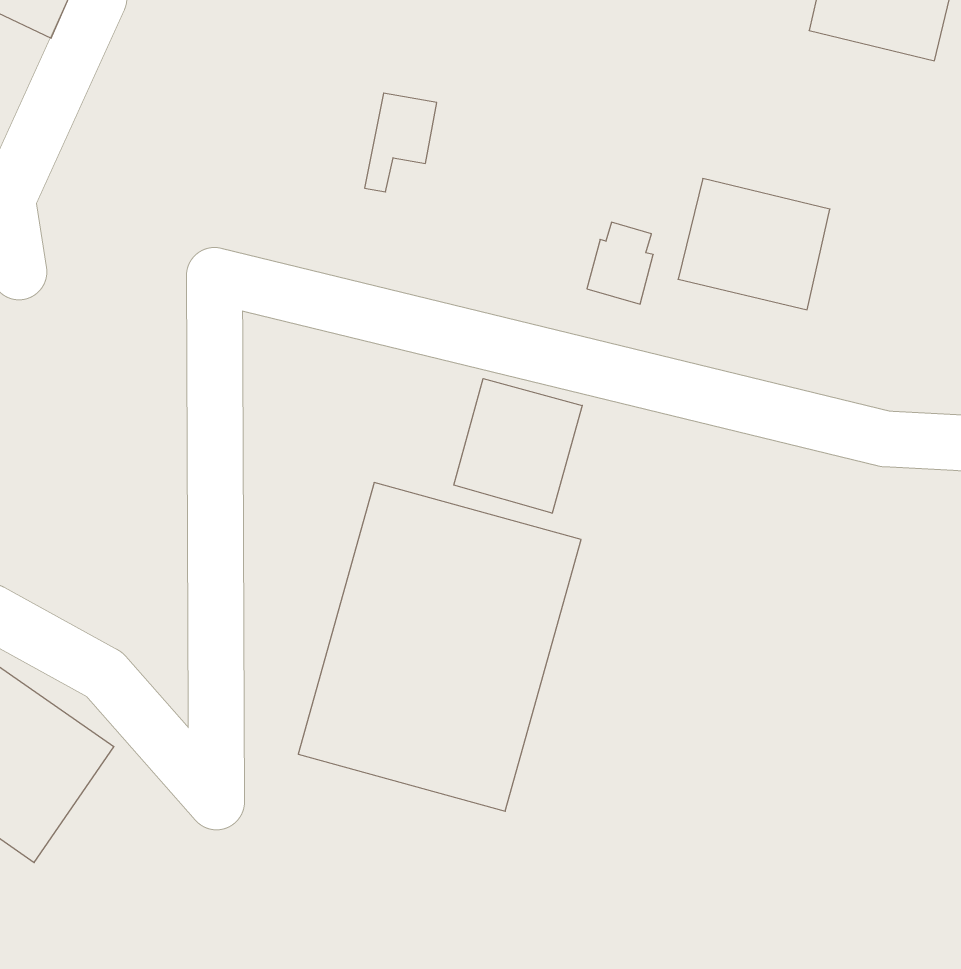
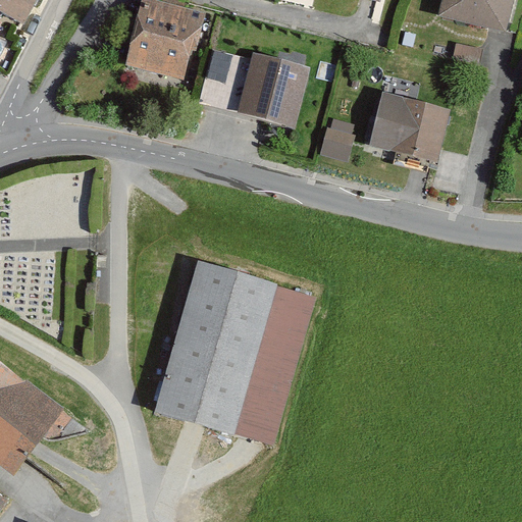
building: none -> [129,4,203,76]
building: none -> [232,55,306,132]
building: [454,379,582,513] -> none

